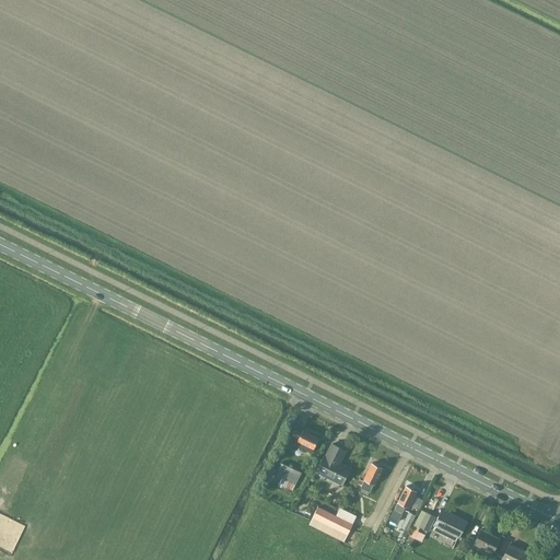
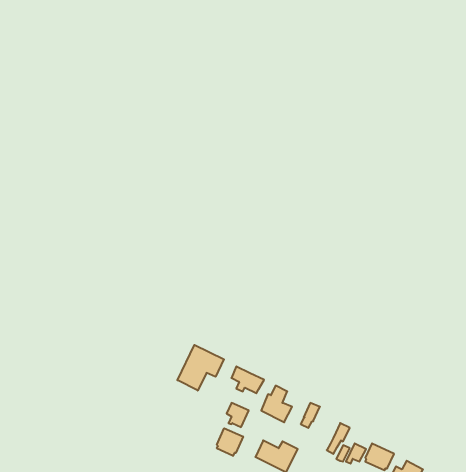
building: none -> [177,345,224,391]
building: none -> [217,428,243,456]

